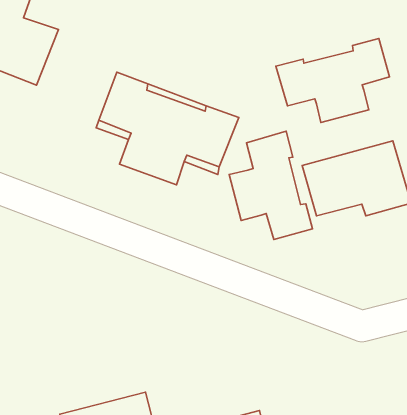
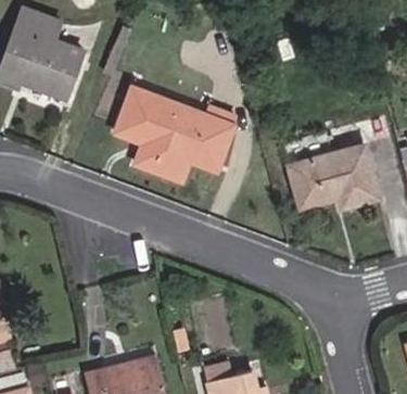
building: [276,38,390,123] -> none
building: [229,131,313,240] -> none

